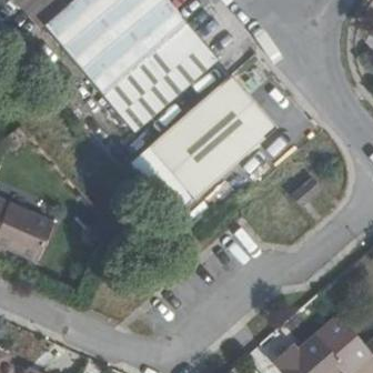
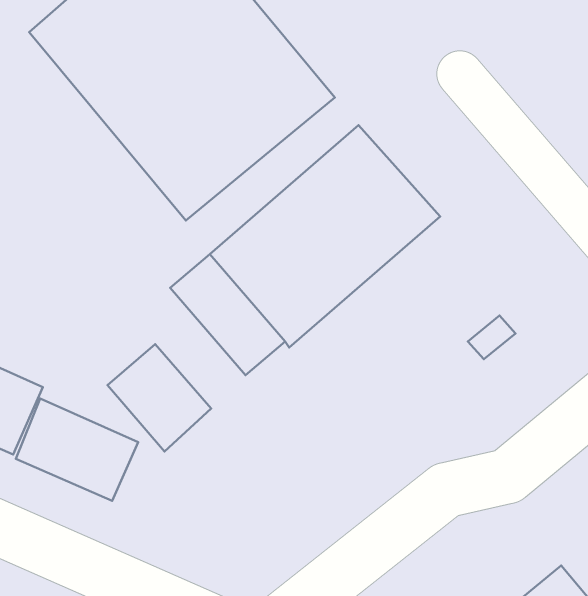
building: none -> [108,344,211,451]
building: none -> [16,398,138,501]

